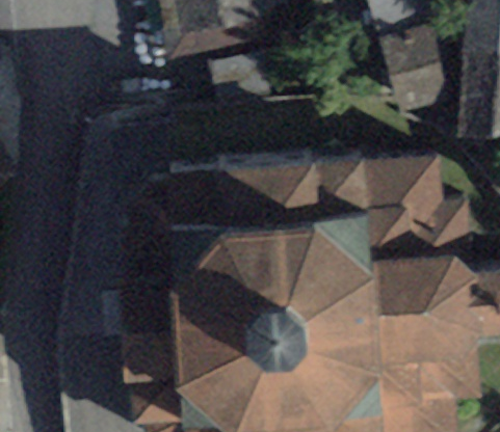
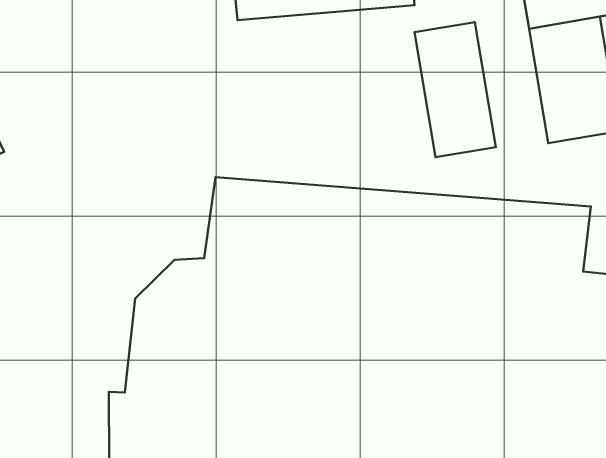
building: none -> [414,22,496,157]

